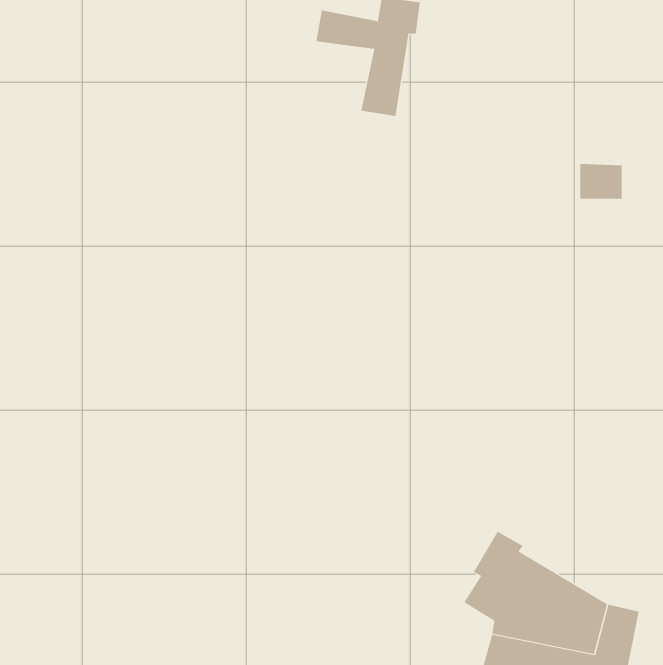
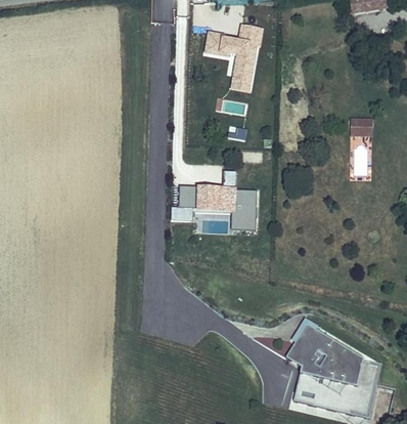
building: none -> [178,185,258,230]

